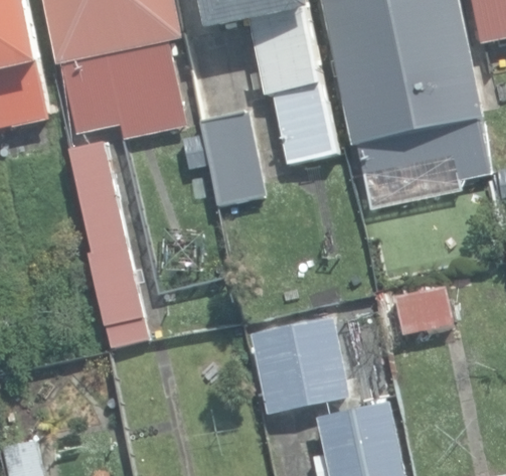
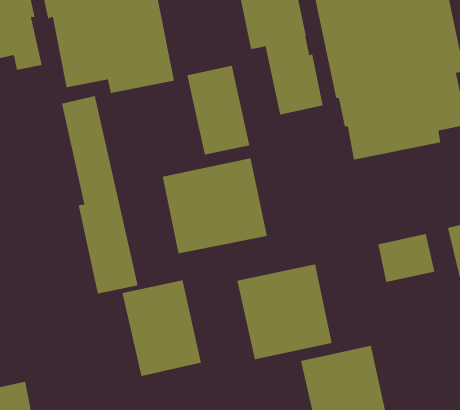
building: none -> [162,157,267,254]
building: none -> [122,280,202,377]

